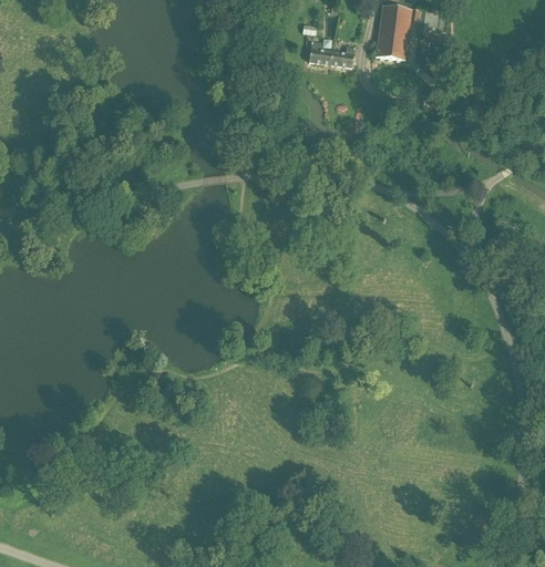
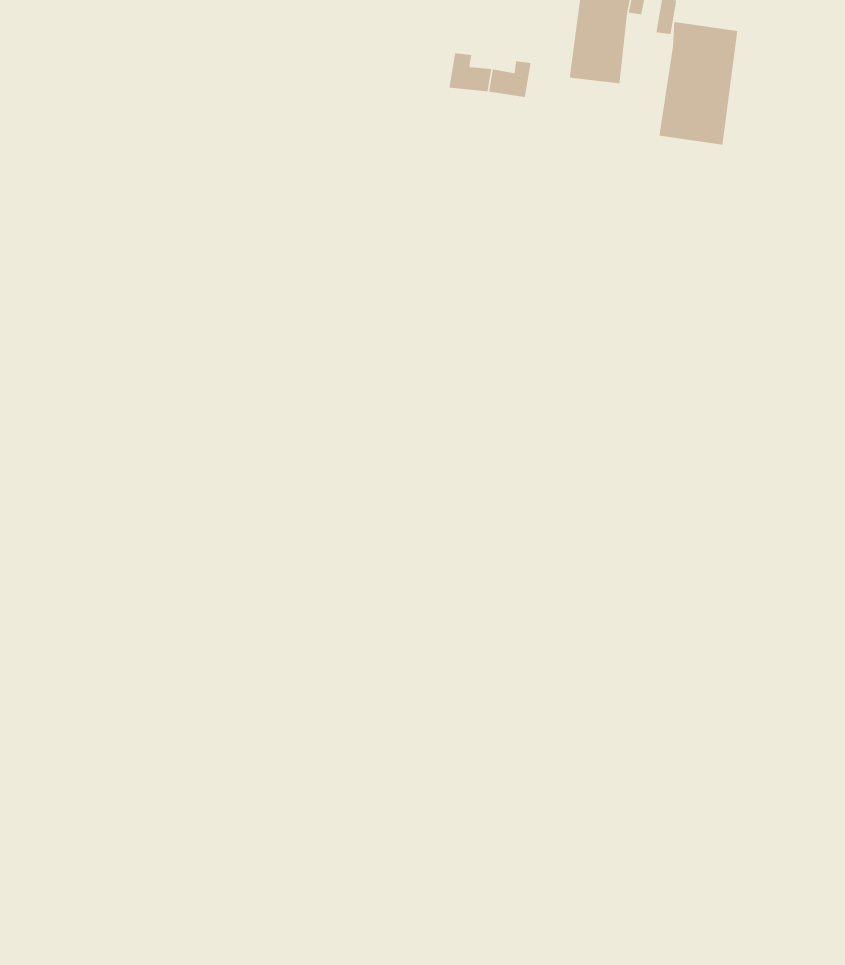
building: none -> [659,21,738,146]

